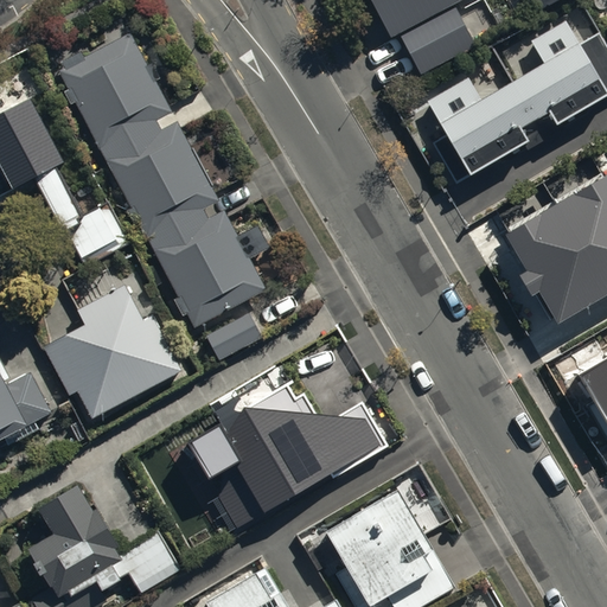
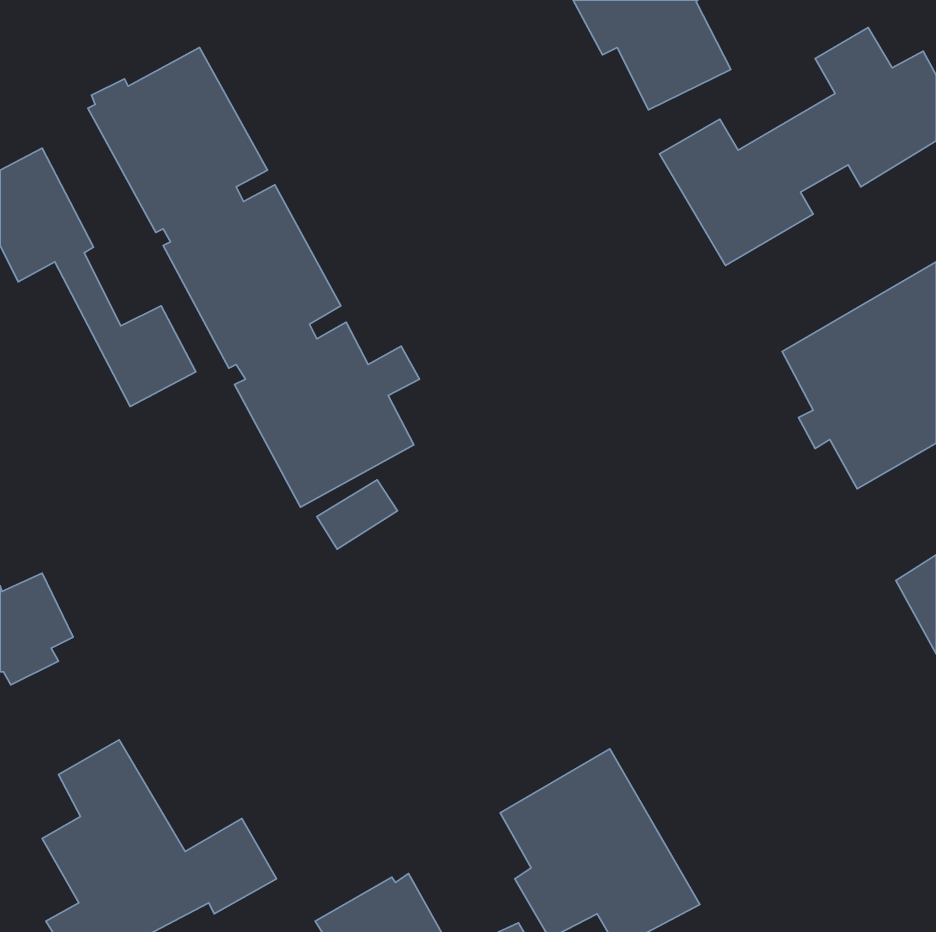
building: [41,296,179,428] -> none
building: [187,382,384,523] -> none

